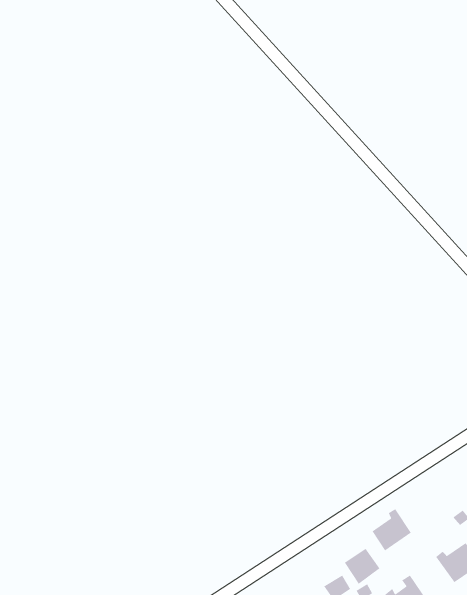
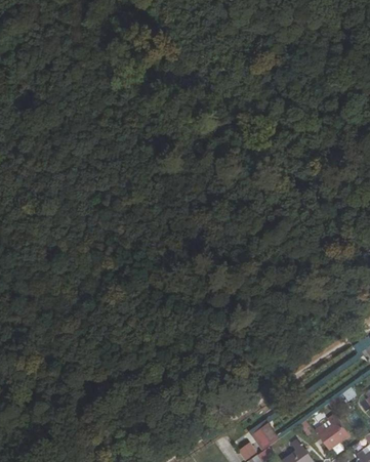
building: [371,508,412,552] -> none

